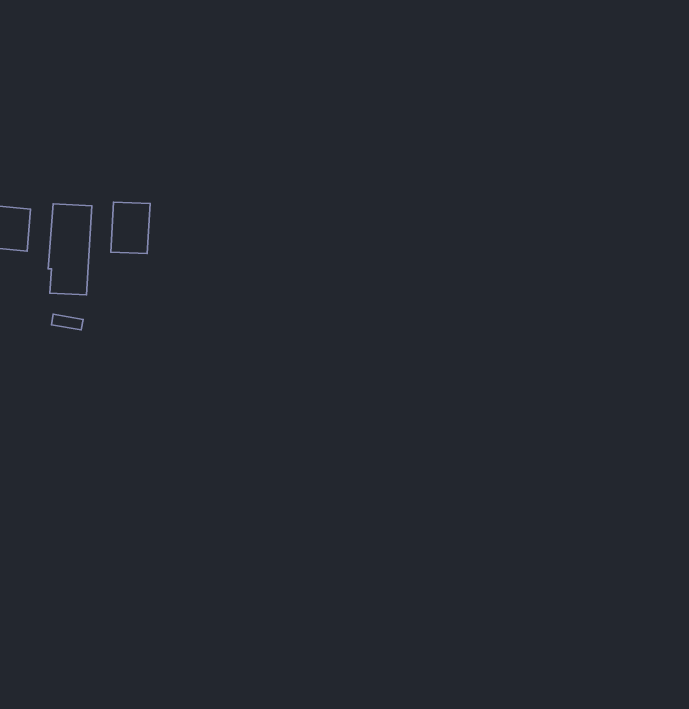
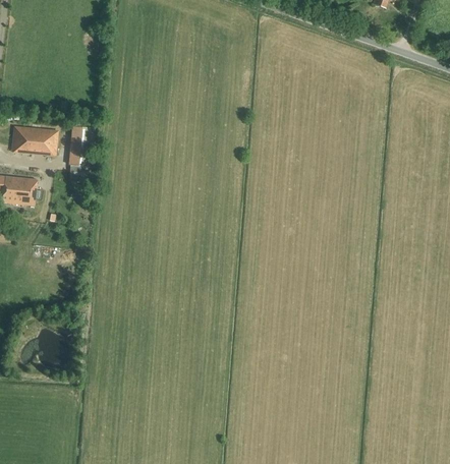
building: [111,202,150,253] -> none

